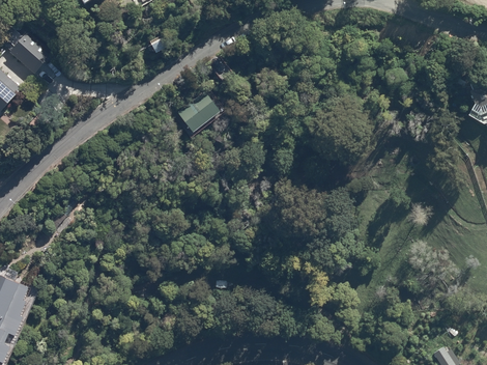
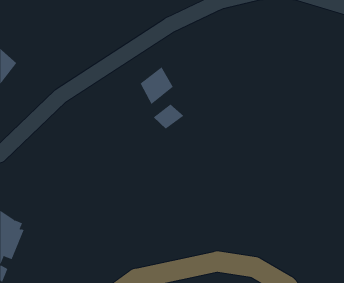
building: [10,33,51,73] -> none
building: none -> [153,103,184,129]

